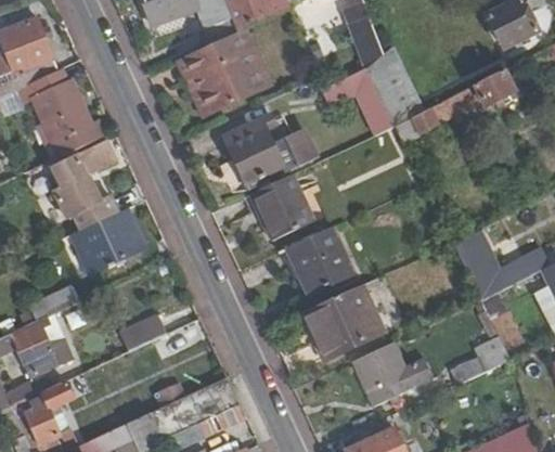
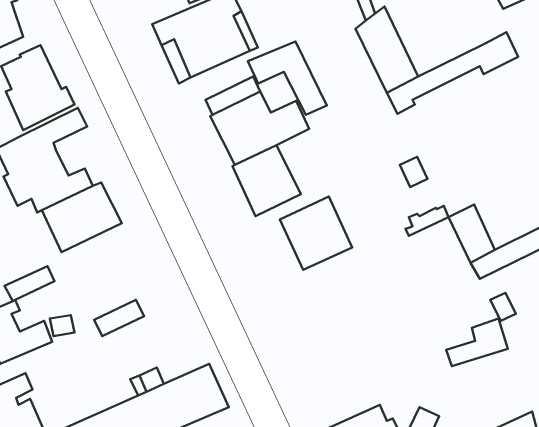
building: [320,66,393,134] -> [248,41,327,115]
building: [304,286,378,358] -> none
building: [352,339,415,404] -> none

